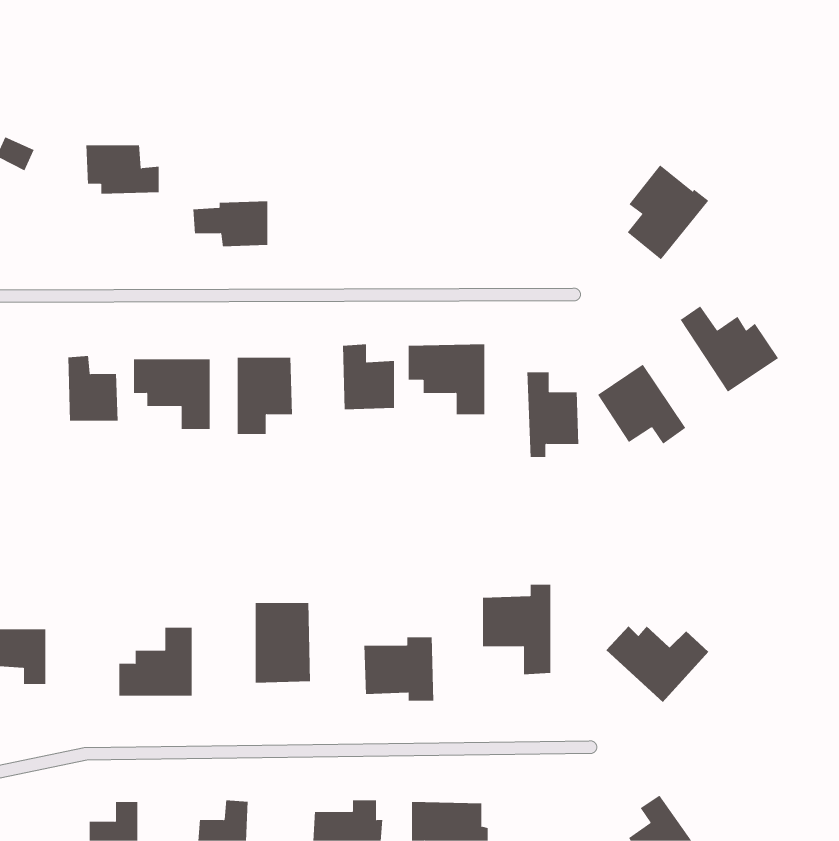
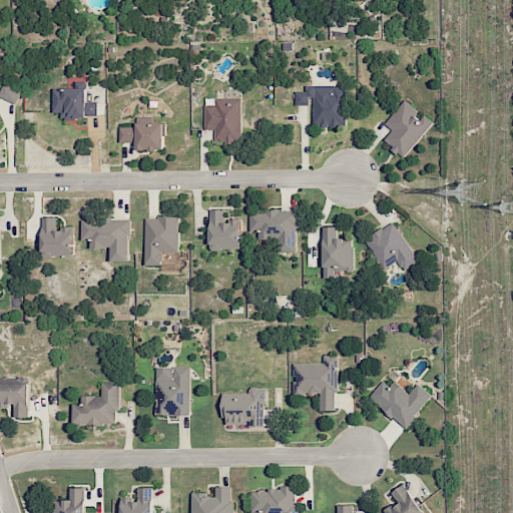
building: none -> [294,86,344,126]
building: none -> [203,97,240,144]
building: [680,306,779,393] -> none

